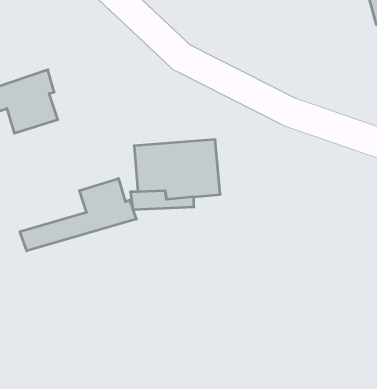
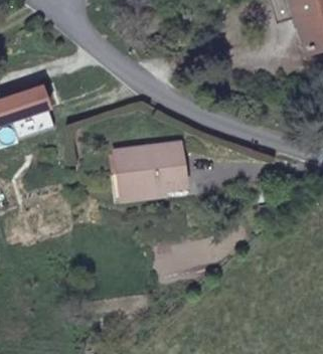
building: [20,178,136,251] -> none

